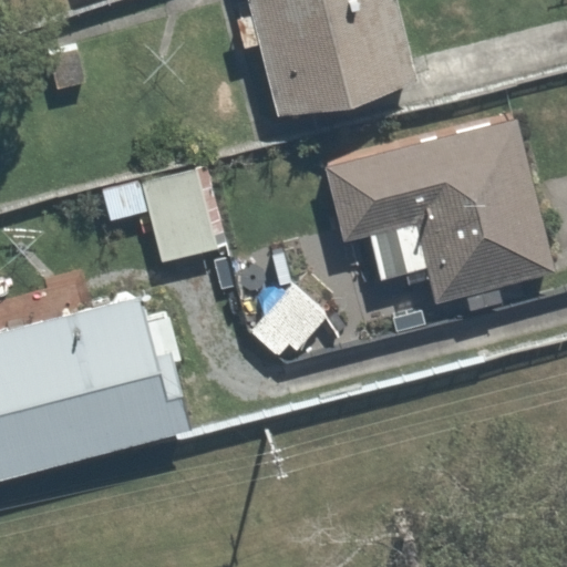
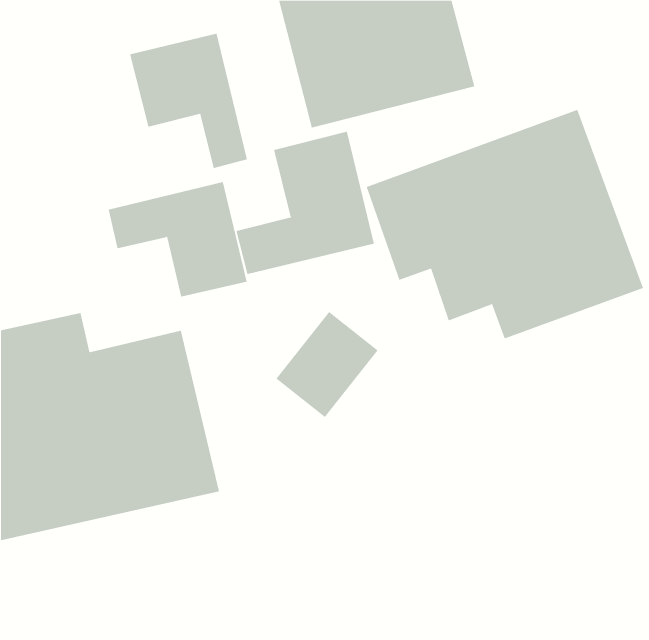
building: none -> [130,33,247,169]
building: none -> [236,131,375,275]

